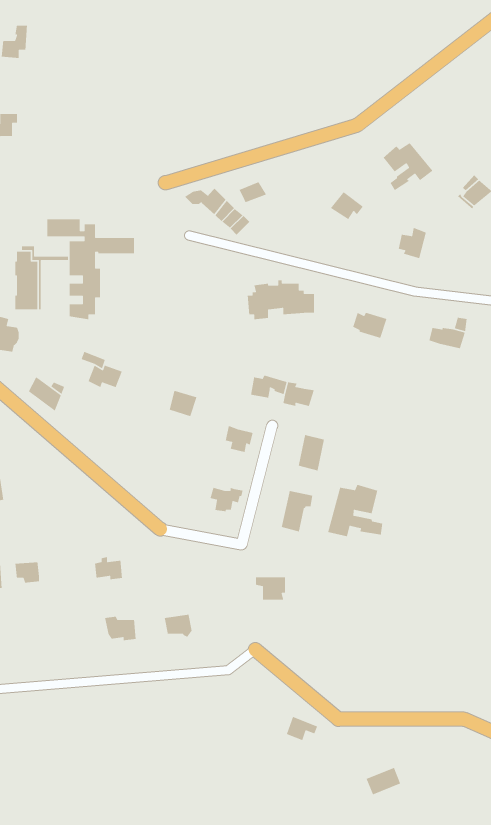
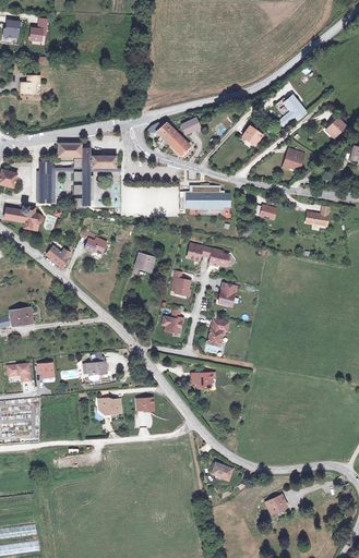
building: [327,484,383,537] -> none

